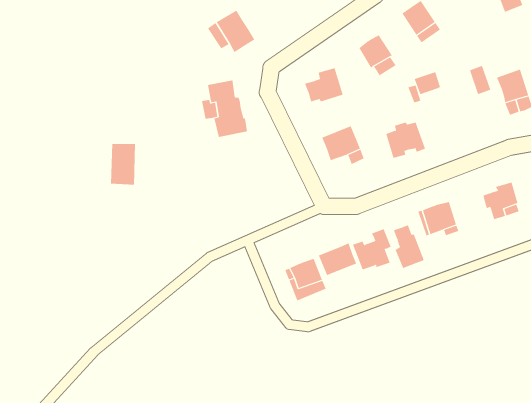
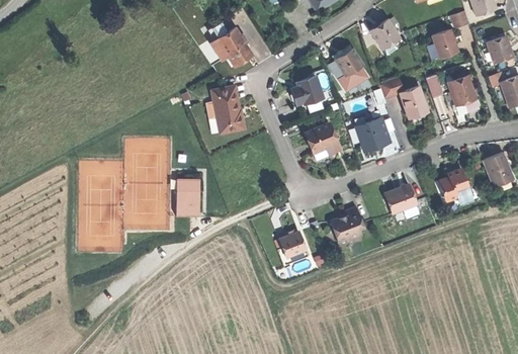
building: none -> [432,30,458,59]
building: none -> [401,86,427,116]
building: [110,143,136,185] -> [176,179,197,213]
building: [393,224,424,269] -> none
building: [318,243,357,276] -> none

